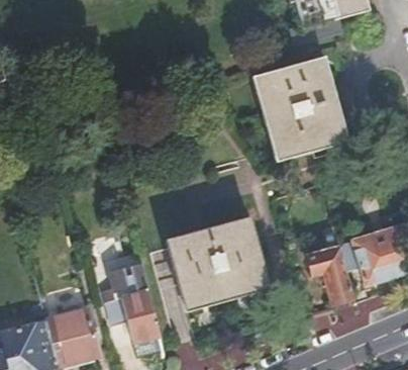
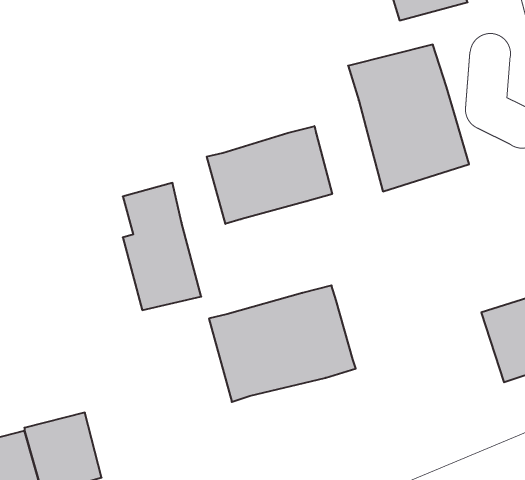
building: none -> [207,126,332,224]
building: [305,246,355,304] -> none
building: [106,257,159,342] -> [123,183,201,310]

